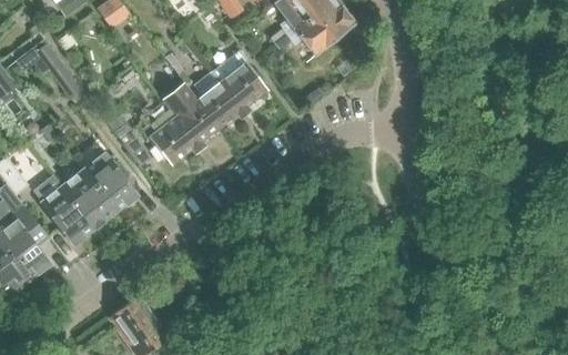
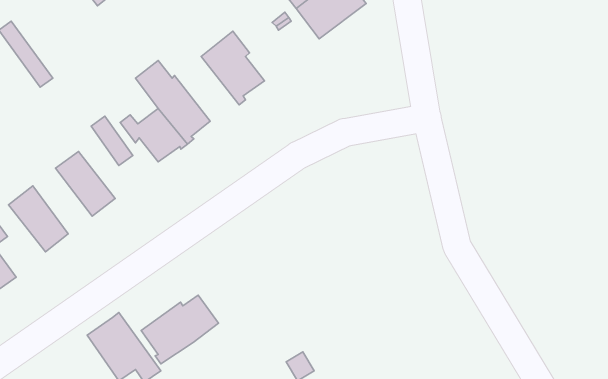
building: [187,71,244,128] -> none
building: [63,169,115,226] -> none
building: none -> [141,295,219,364]

